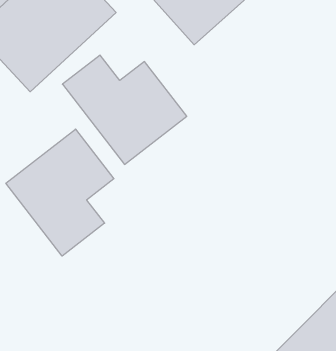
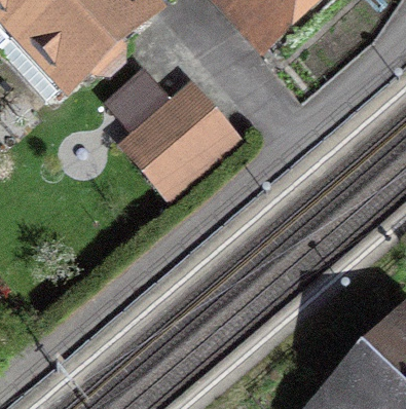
building: [6,129,114,256] -> none

